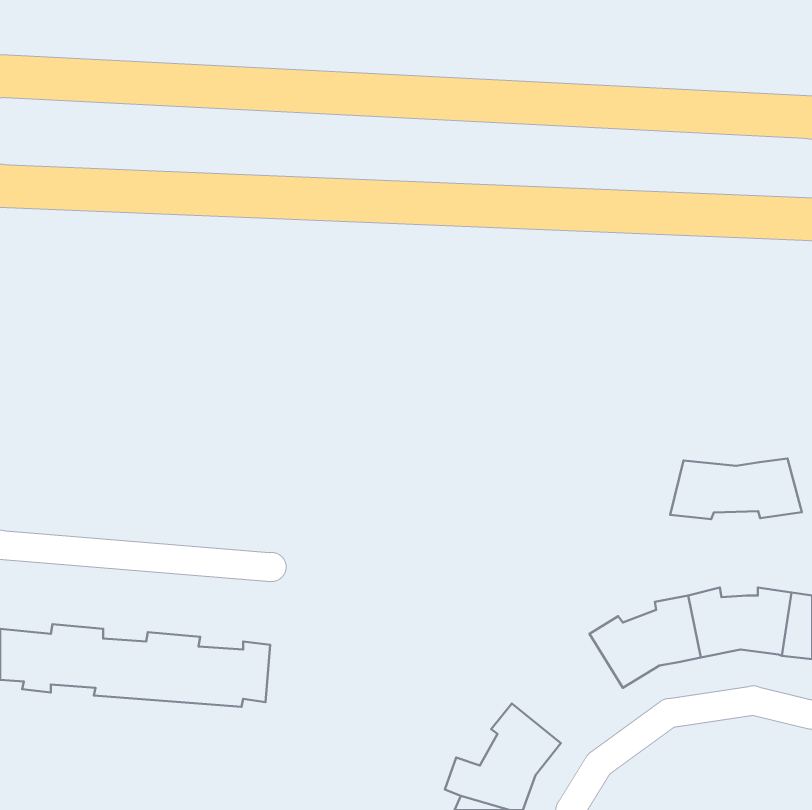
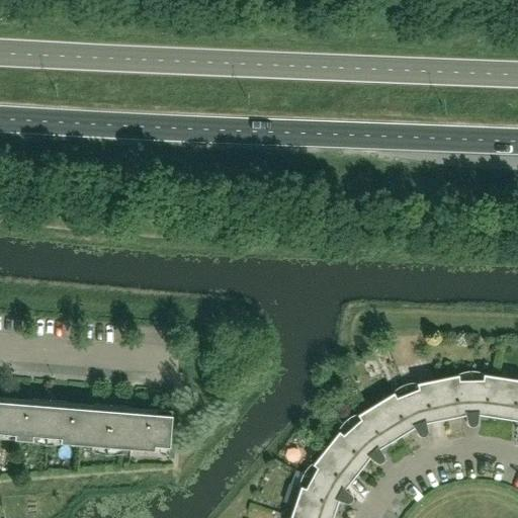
building: [670,458,802,519] -> none
building: none -> [326,404,397,473]

